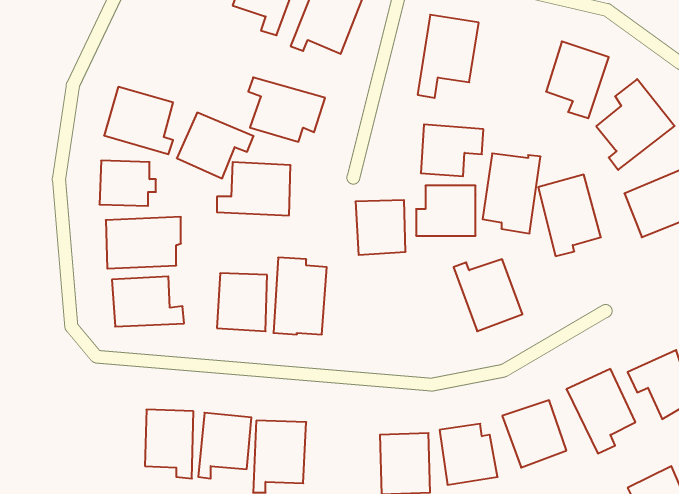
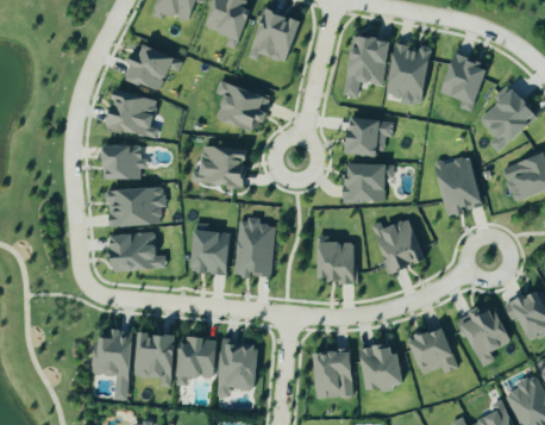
building: [177,113,254,178] -> [124,42,182,92]
building: [483,153,541,233] -> [386,44,430,105]
building: [355,200,406,255] -> [317,240,355,282]
building: none -> [93,330,132,386]

